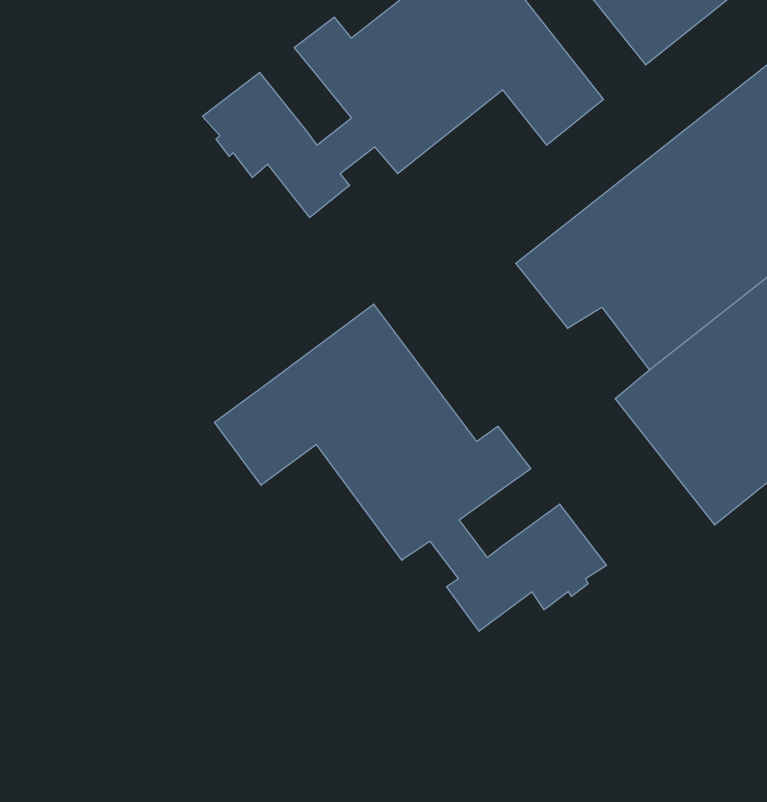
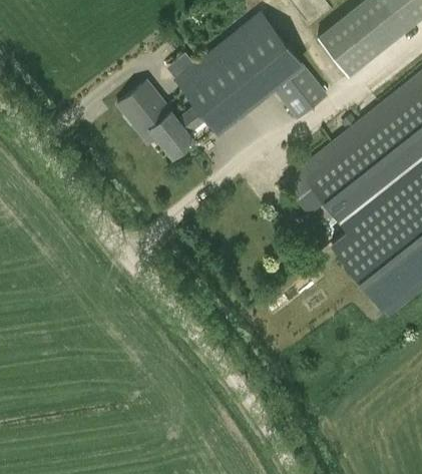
building: [215,304,606,631] -> none

